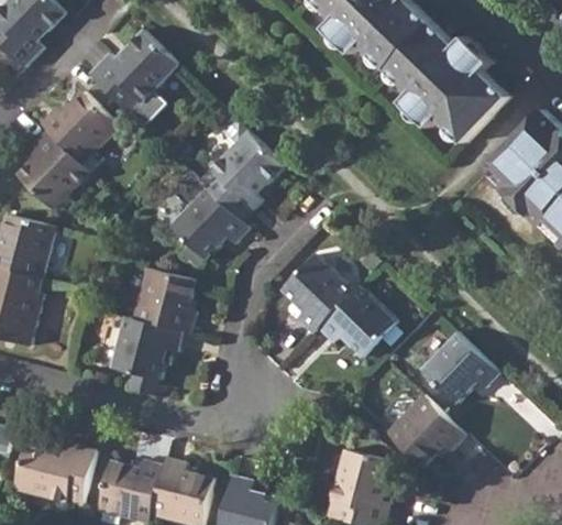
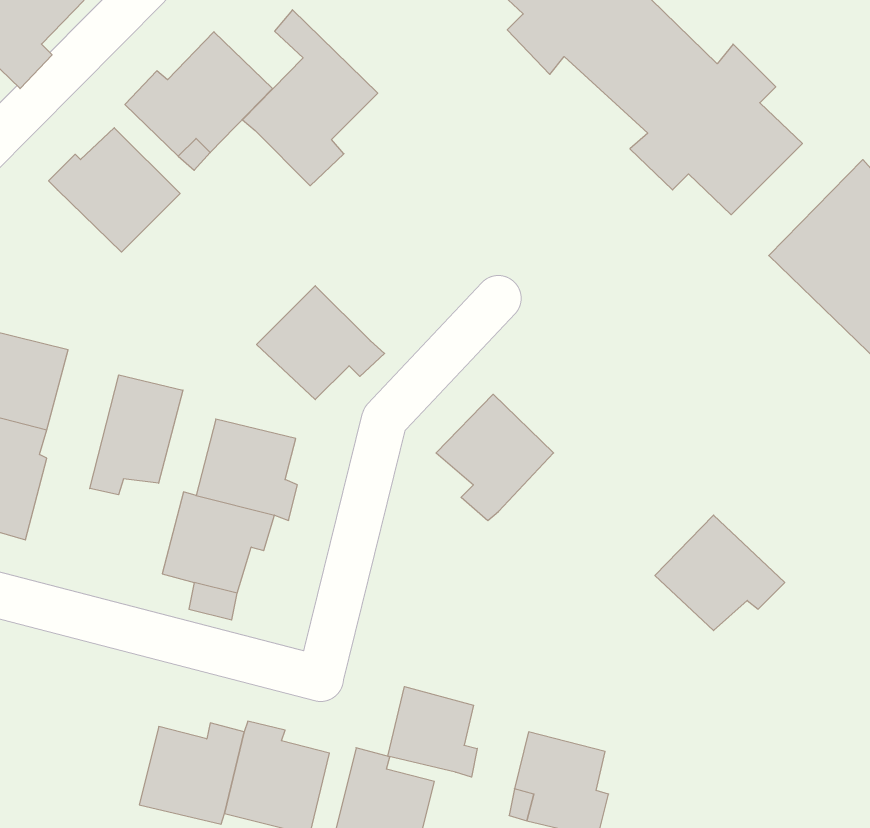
building: [199,113,283,222] -> [243,10,378,186]
building: [20,129,90,207] -> none
building: none -> [90,375,183,495]
building: [320,286,397,357] -> none
building: [385,397,462,469] -> none
building: none -> [388,687,477,777]
building: [16,441,96,505] -> none

